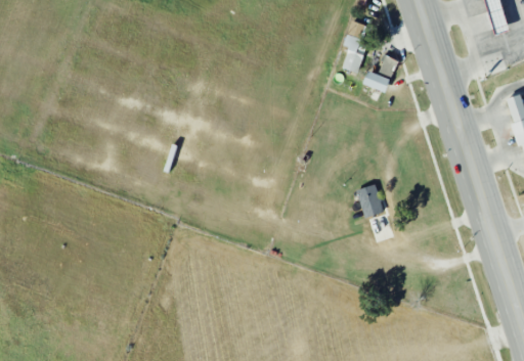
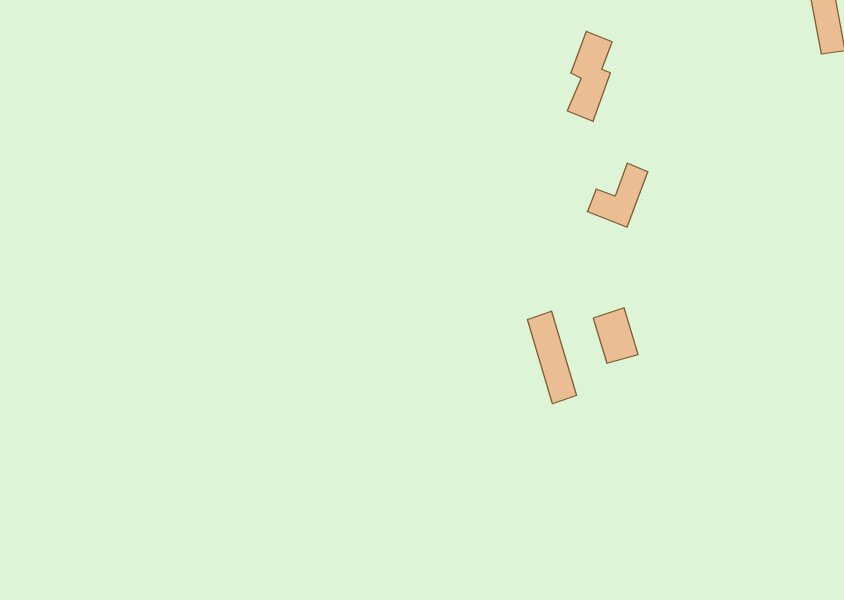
building: [362,54,398,92] -> [587,163,648,227]
building: none -> [528,311,576,404]

